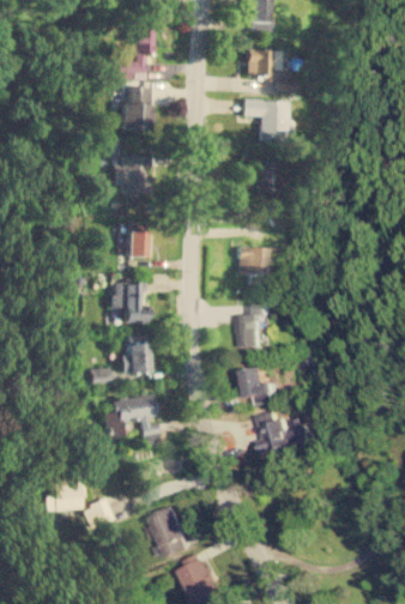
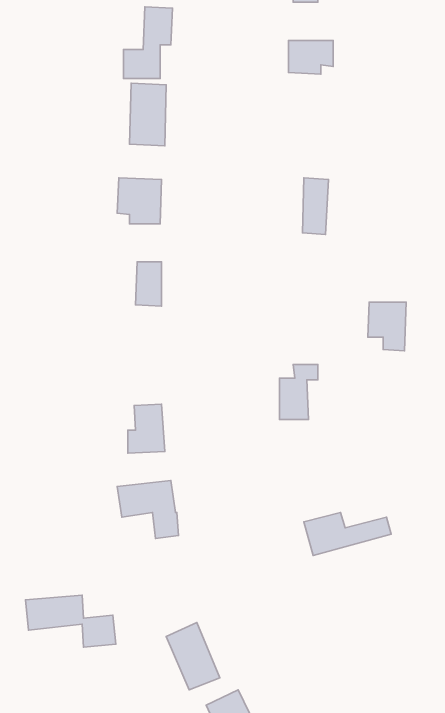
building: [243,101,289,139] -> none
building: [238,248,268,286] -> [368,302,406,351]
building: [113,283,151,324] -> none
building: [243,367,280,406] -> none

